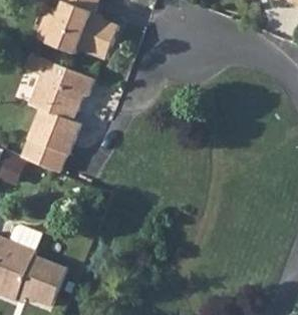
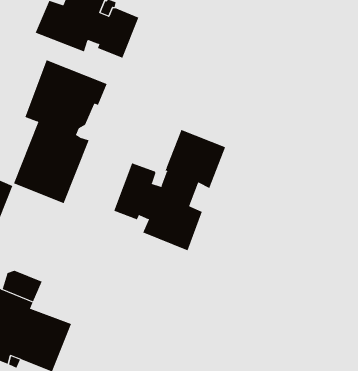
building: none -> [114,129,226,251]

